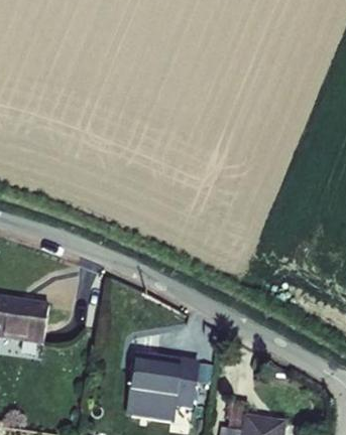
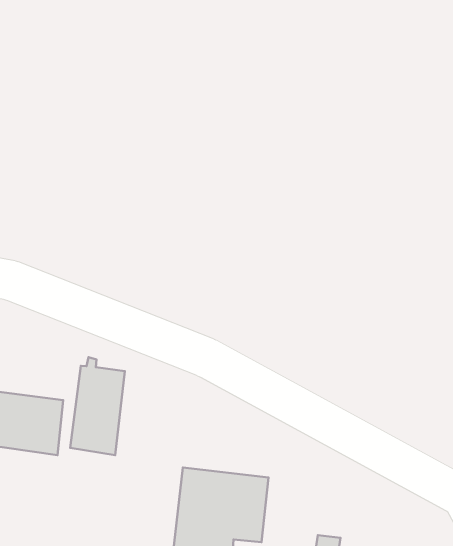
building: none -> [70,357,125,455]

